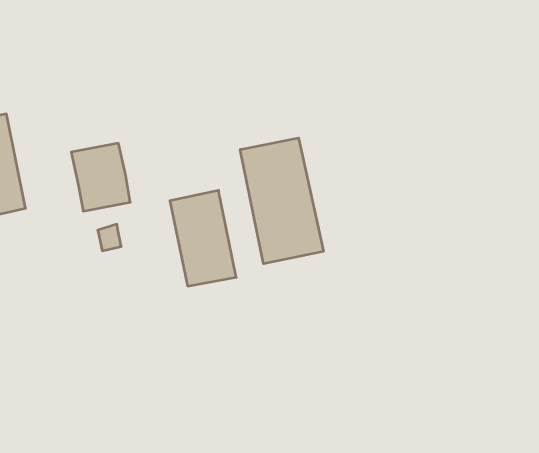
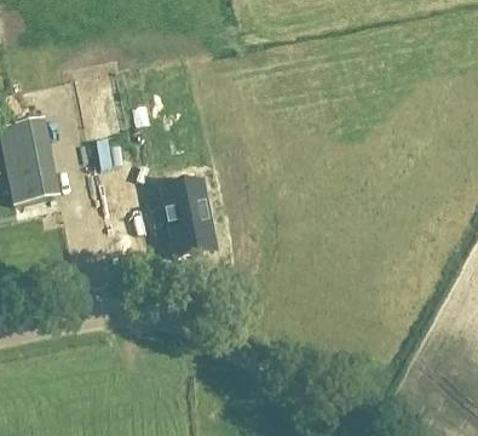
building: [240,138,323,264] -> none

